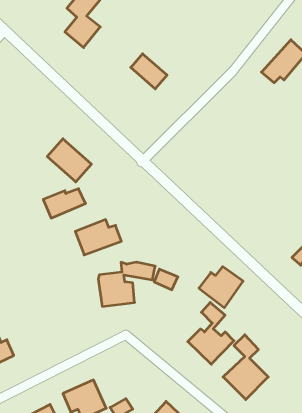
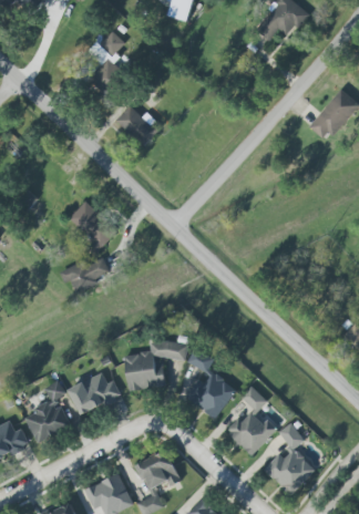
building: [131,54,167,89] -> [115,105,156,145]
building: [75,220,121,255] -> [69,373,121,413]
building: [199,267,243,308] -> [186,372,236,419]
building: none -> [25,380,70,442]
building: none -> [136,451,180,490]

